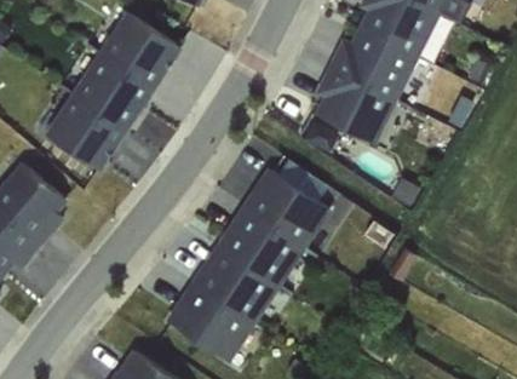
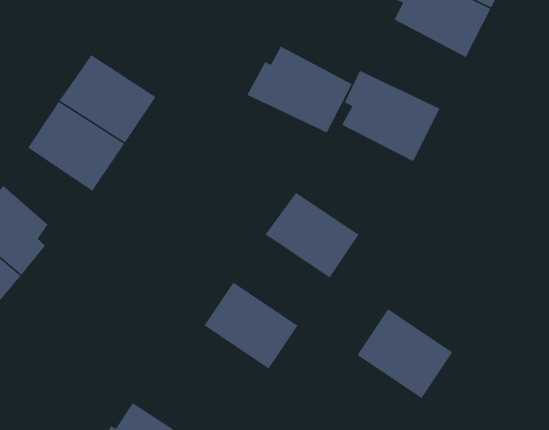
building: [99,11,182,88] -> none
building: [328,23,419,98] -> [246,45,353,134]
building: [220,206,303,283] -> [356,308,453,399]
building: [167,283,251,360] -> none

